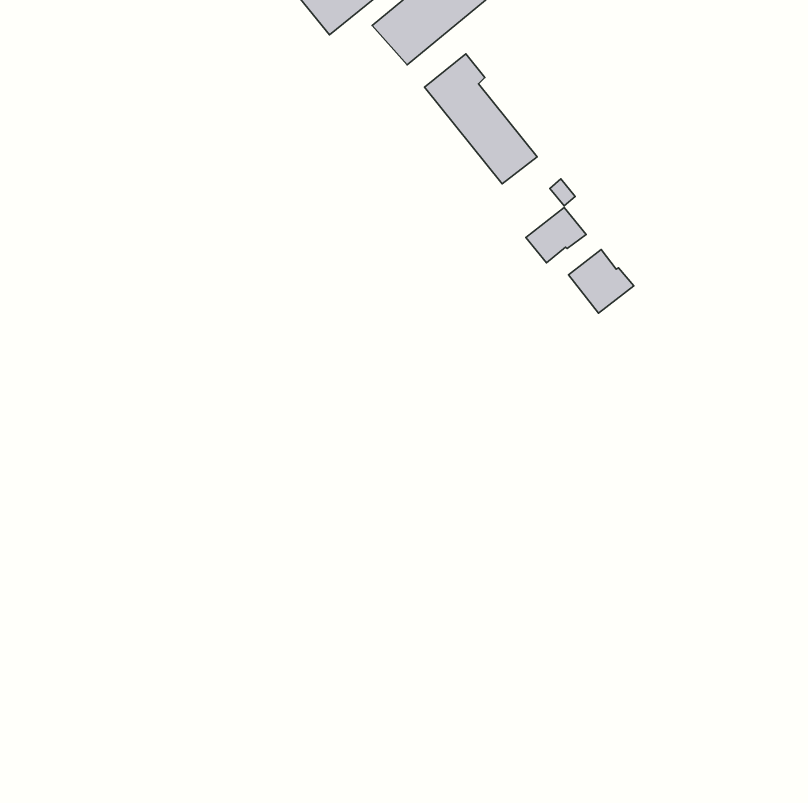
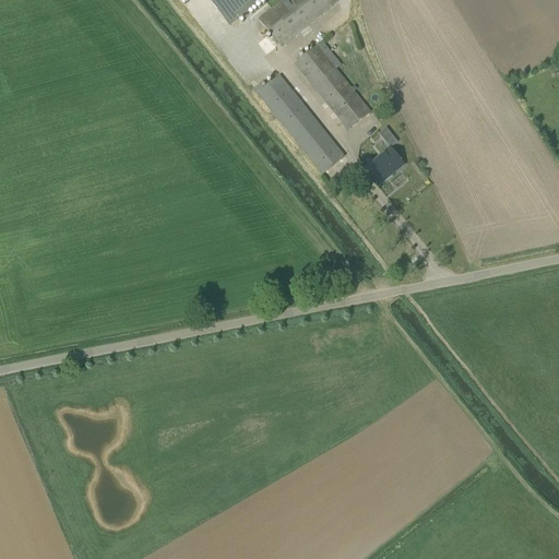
building: none -> [255,71,344,173]
building: [568,249,634,313] -> none

